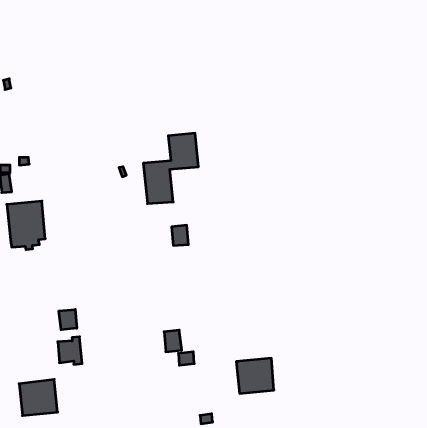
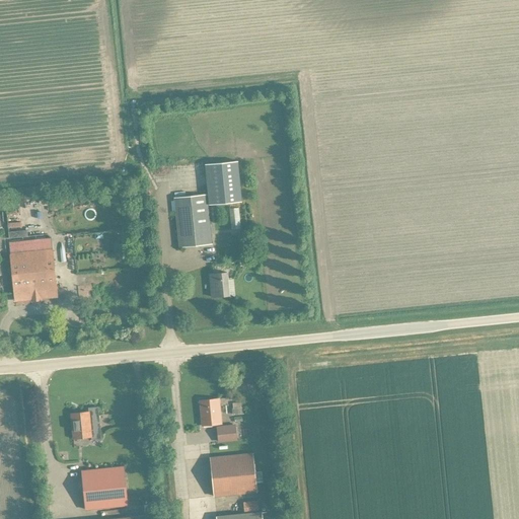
building: [59,309,77,330] -> none
building: [236,358,274,393] -> [210,454,255,497]
building: [19,379,58,416] -> [81,466,128,510]

